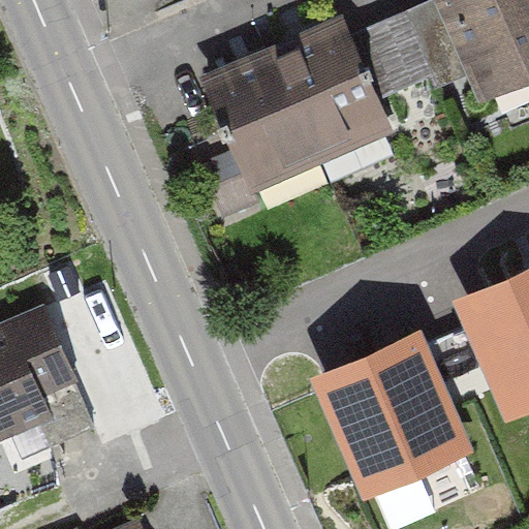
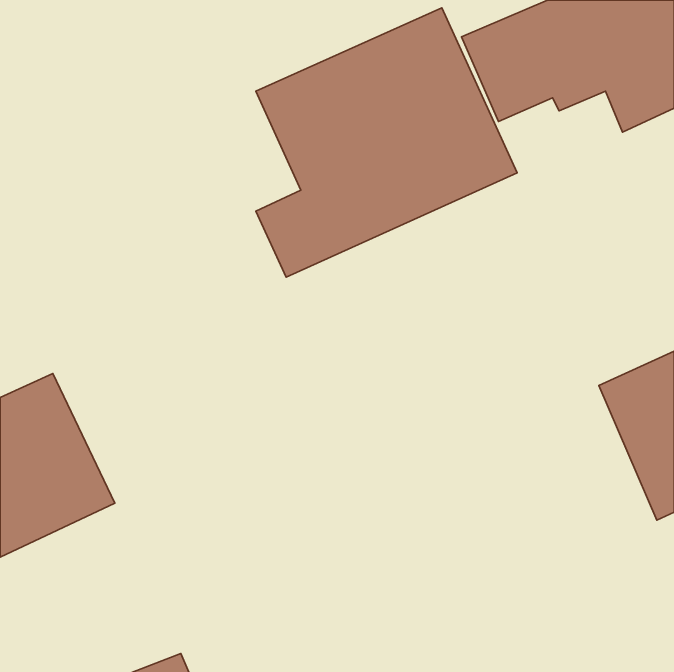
building: [325,340,463,486] -> none

